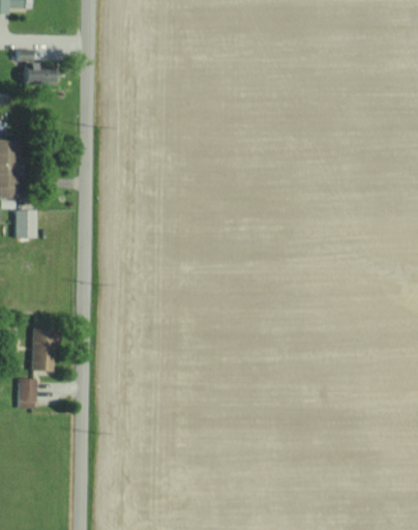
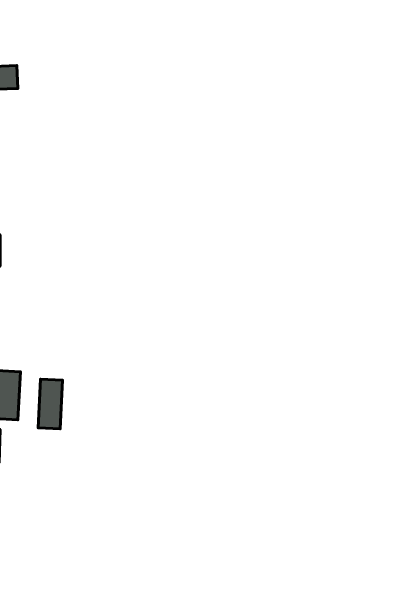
building: none -> [38,379,63,429]

